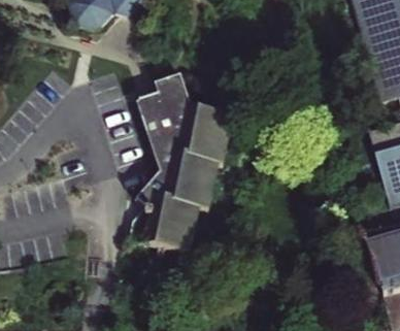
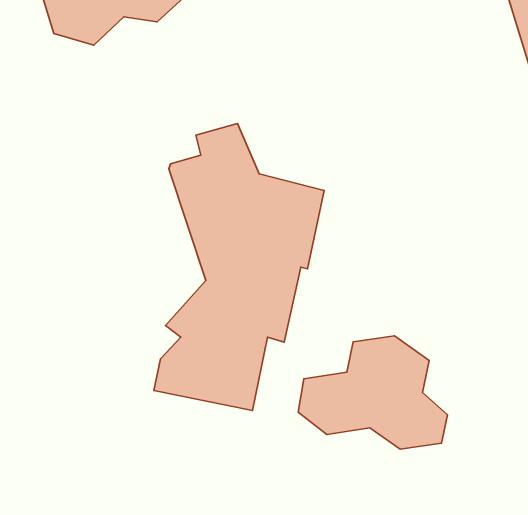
building: none -> [298,336,447,449]

